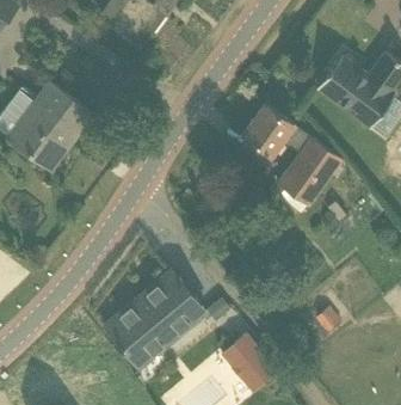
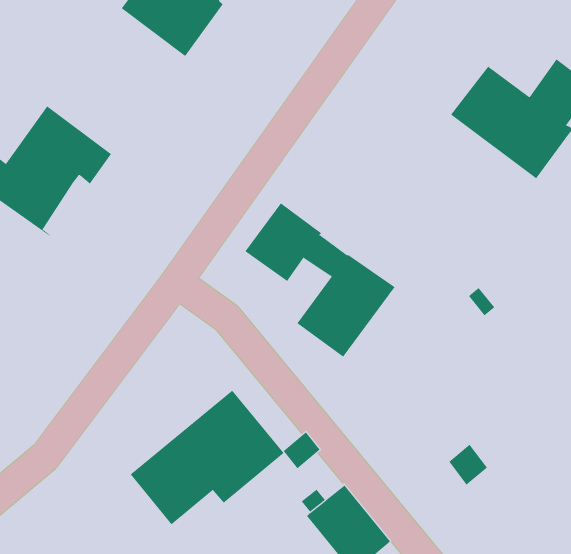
building: [241,103,341,205] -> [244,203,396,357]

